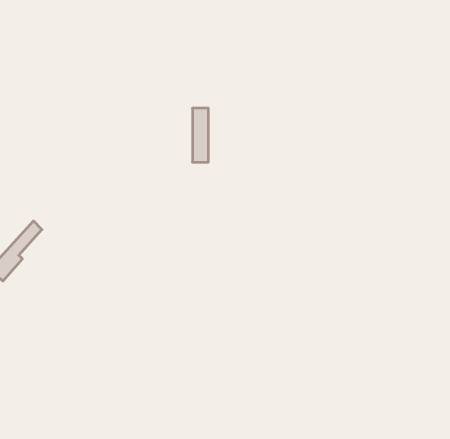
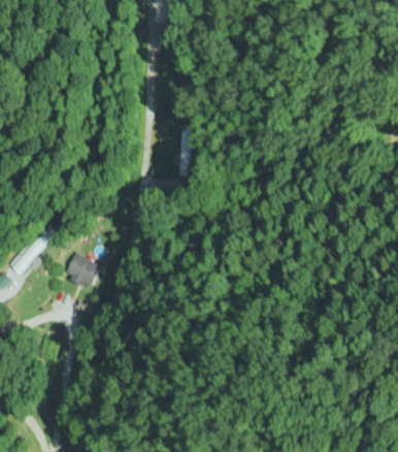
building: none -> [63,252,100,288]

